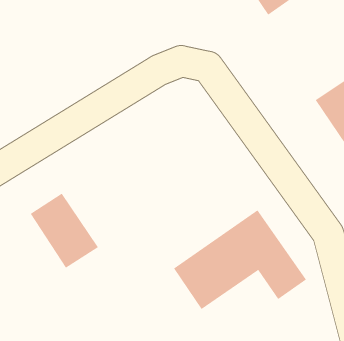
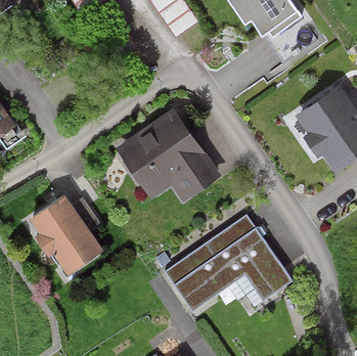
building: none -> [125,115,215,194]

